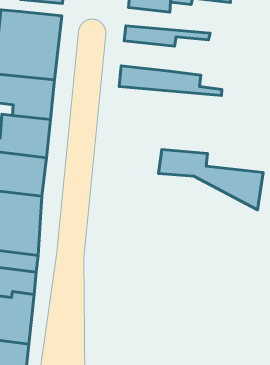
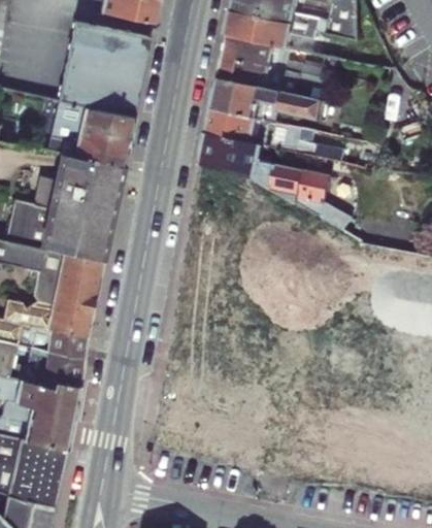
building: none -> [225,35,333,76]
building: none -> [214,76,323,120]
building: [158,149,263,210] -> [202,133,334,220]

